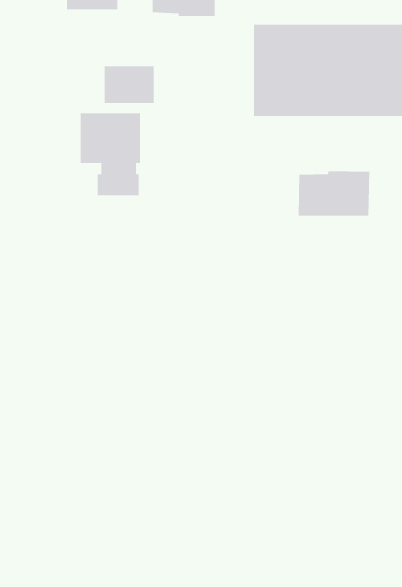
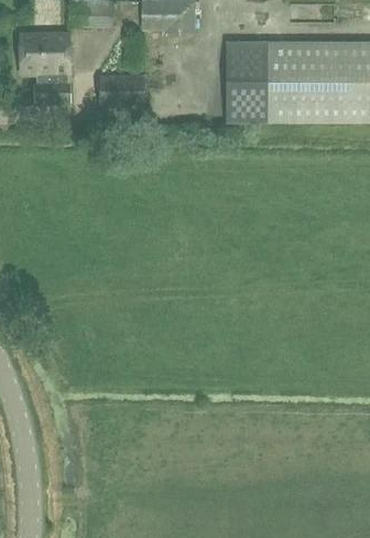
building: [80,113,141,196] -> [19,34,70,105]
building: [298,170,370,216] -> none

